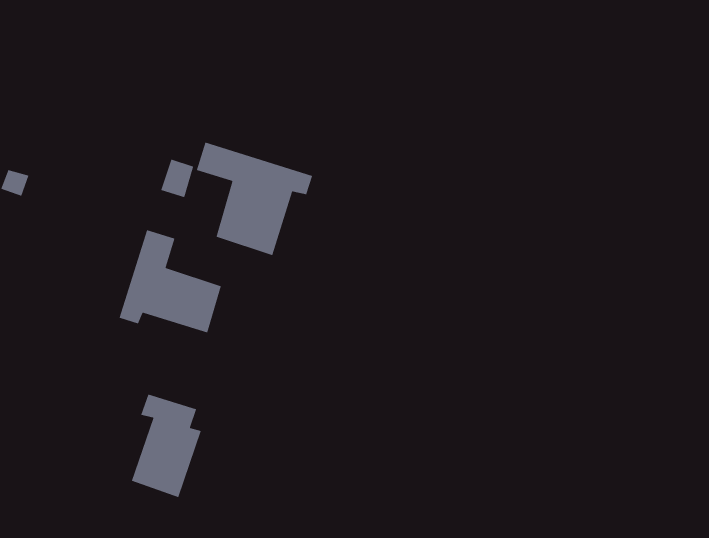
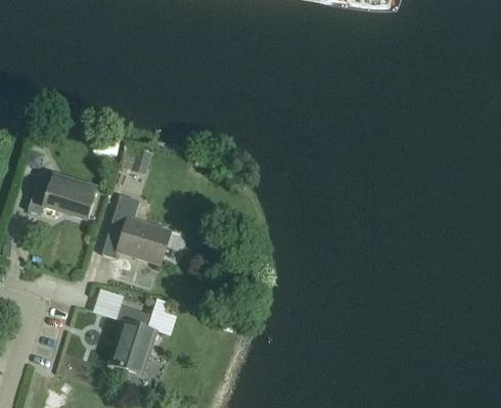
building: [196,142,313,256] -> none
building: none -> [29,172,97,218]

